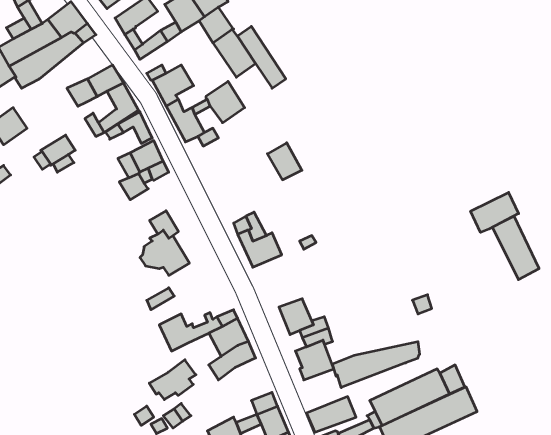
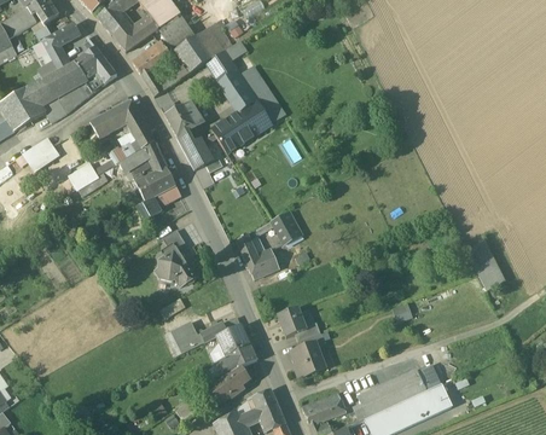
building: none -> [232,100,272,139]
building: [267,143,302,180] -> [272,211,302,244]
building: [471,192,519,232] -> none
building: [332,342,420,388] -> none
building: [149,360,196,400] -> [207,367,248,402]

